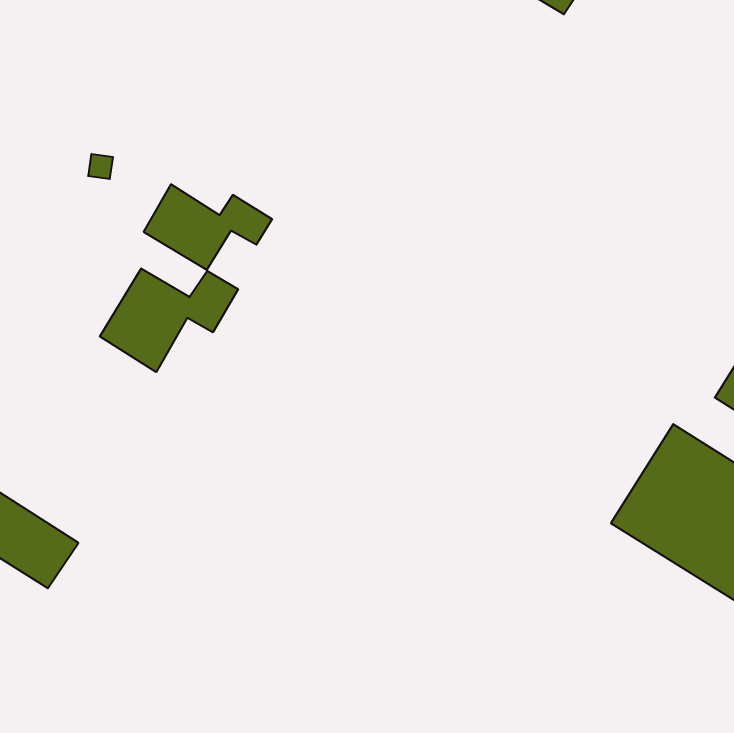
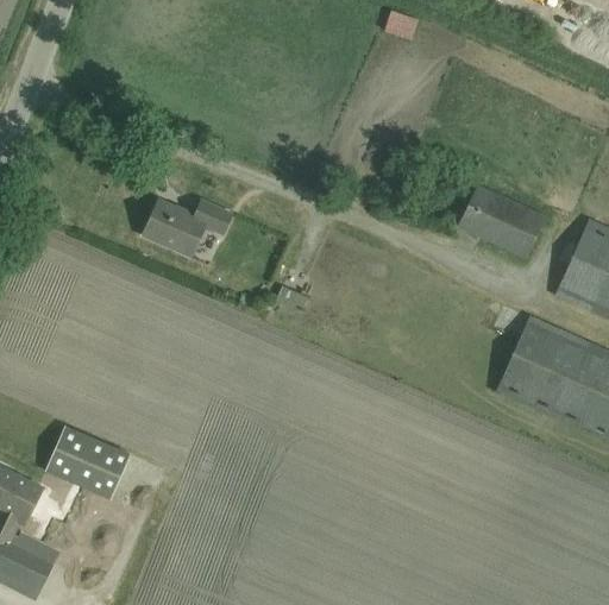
building: none -> [458,184,545,258]
building: [100,268,238,372] -> none

